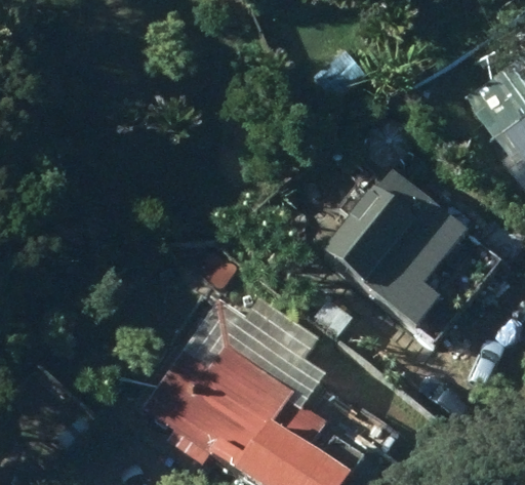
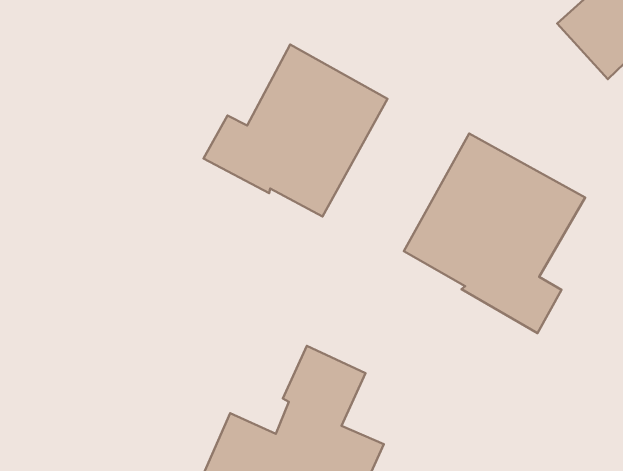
building: none -> [204,45,388,217]

